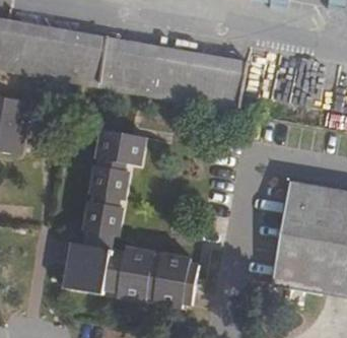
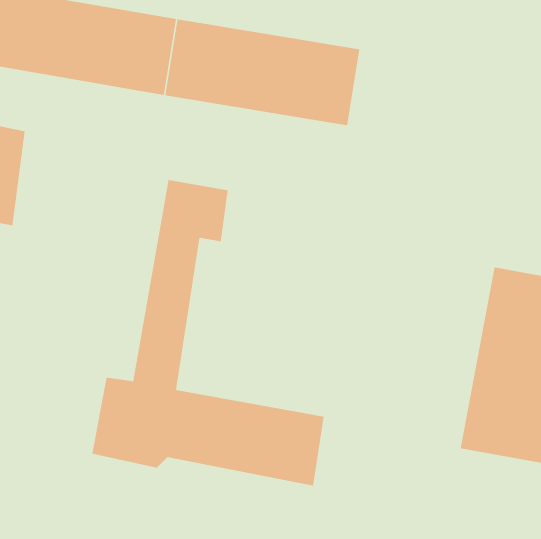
building: [206,56,252,107] -> none

